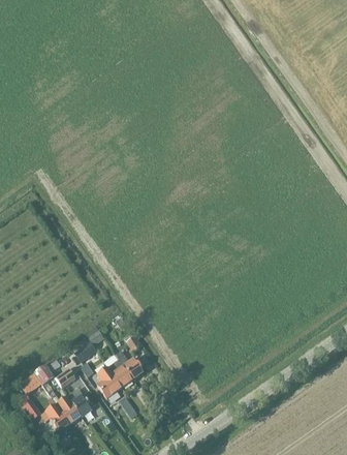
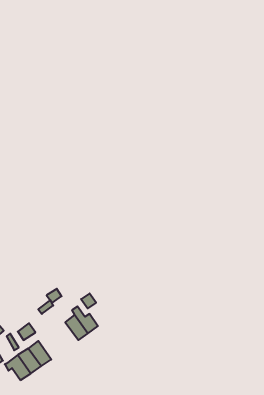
building: [96,368,122,398] -> none

